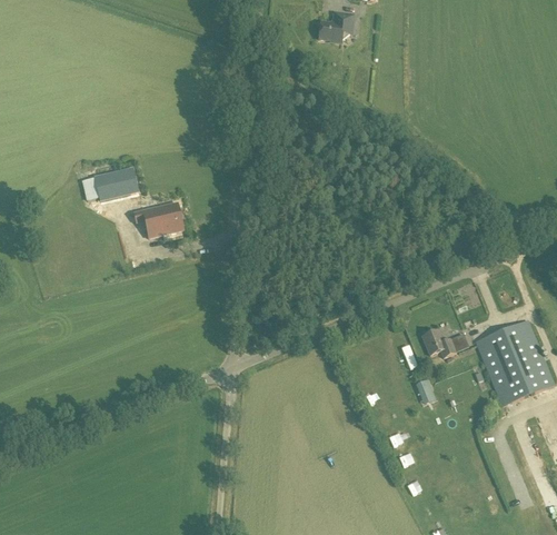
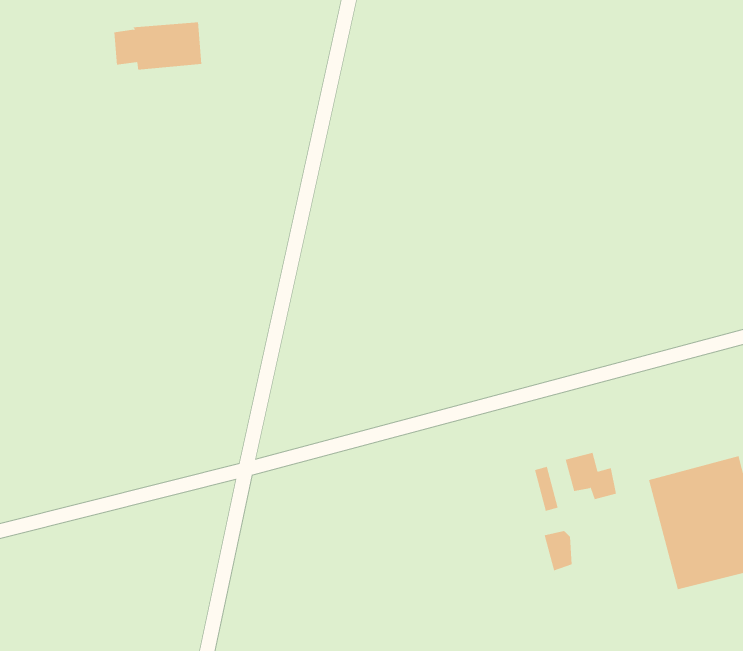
building: [82,166,139,200] -> [113,22,202,70]
building: [133,201,185,237] -> none

